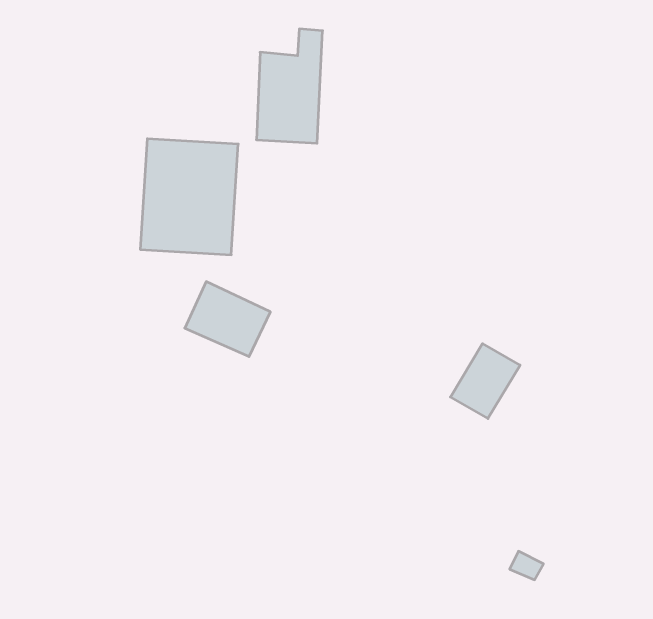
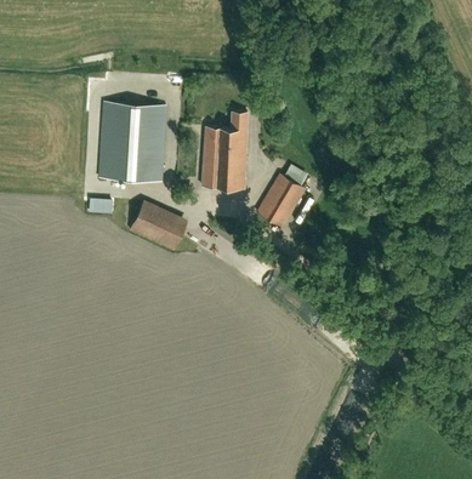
building: [256,29,323,143] -> [203,112,248,189]
building: [450,344,520,419] -> [257,176,305,227]

